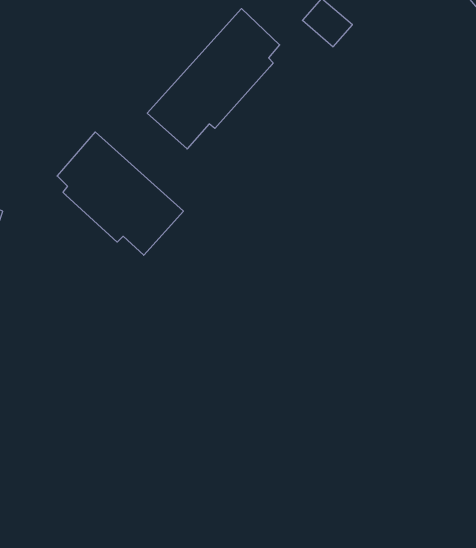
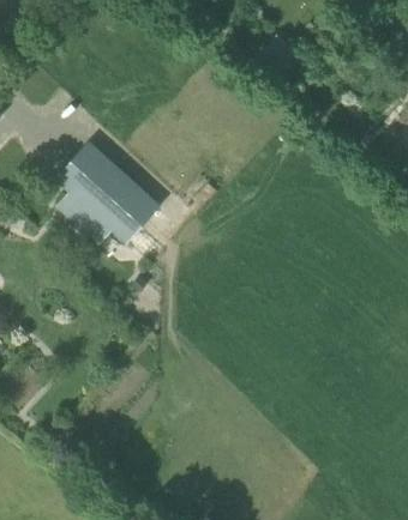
building: [147,9,280,149] -> none

